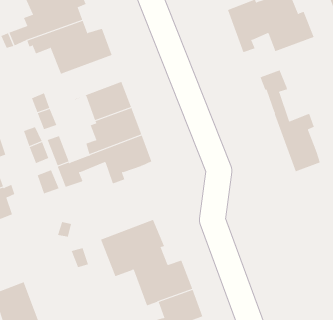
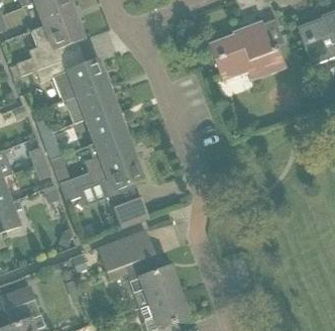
building: none -> [65,83,116,122]
building: [260,70,321,172] -> none
building: none -> [113,196,148,227]

